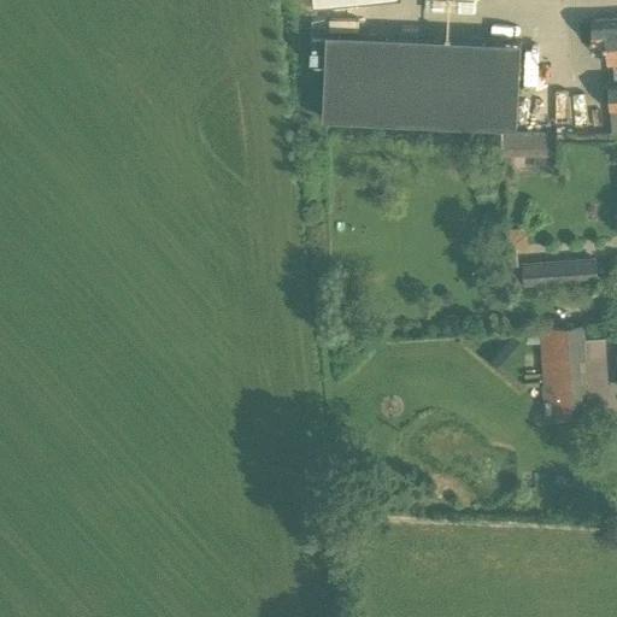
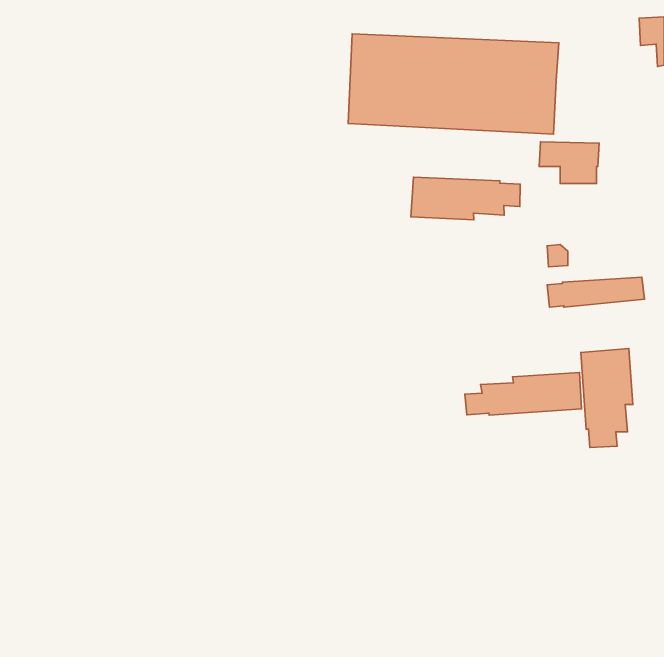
building: none -> [411,177,520,220]
building: none -> [465,372,581,415]

